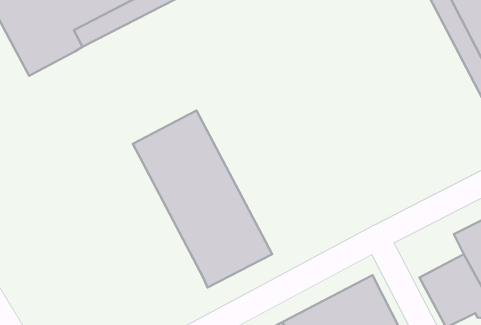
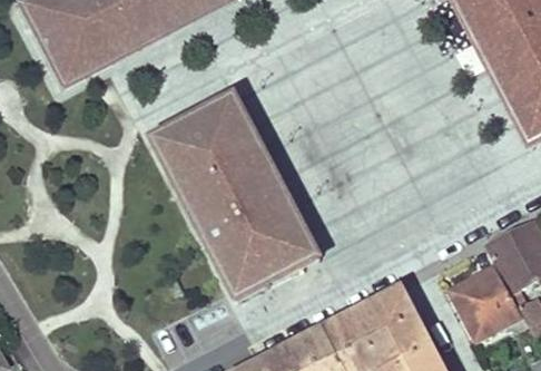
building: none -> [155,95,319,263]

